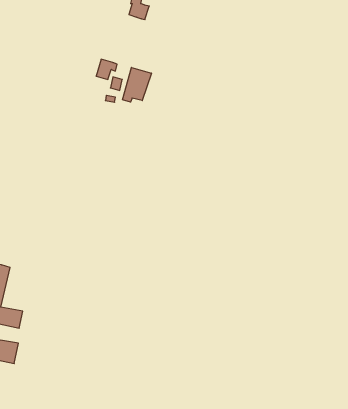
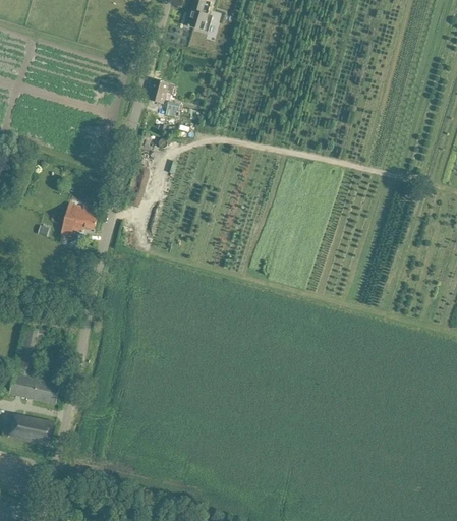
building: [122,67,151,102] -> none
building: none -> [60,204,97,237]

